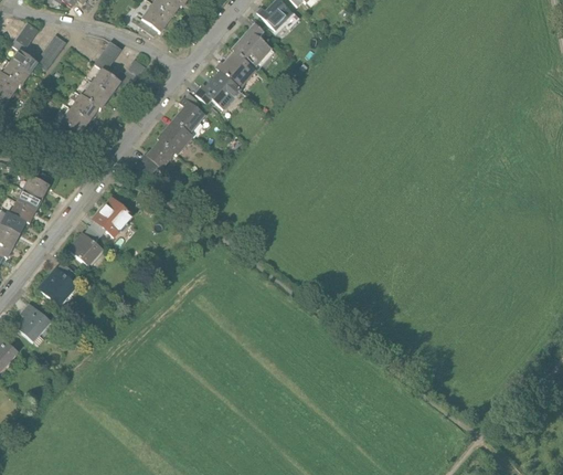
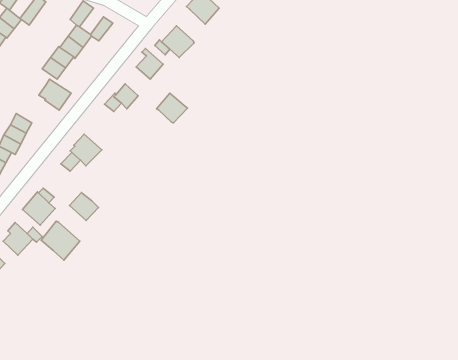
building: [215,50,256,87] -> none
building: [157,118,193,154] -> [157,93,187,123]
building: none -> [39,79,71,110]
building: [67,232,102,265] -> [70,193,98,221]
building: none -> [41,221,80,260]

